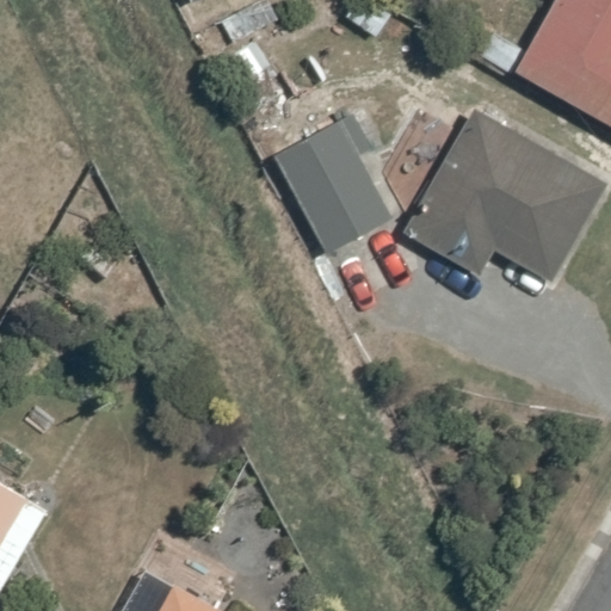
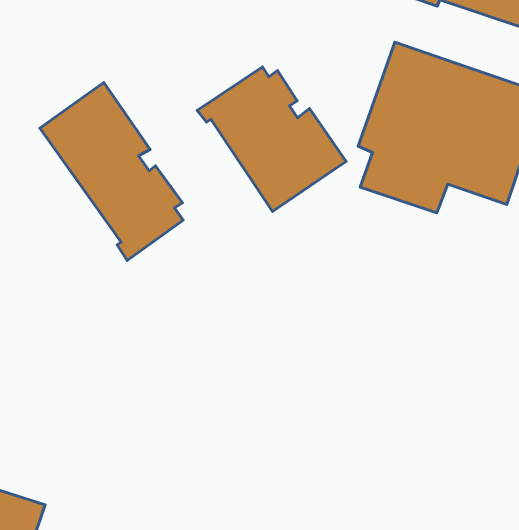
building: none -> [40,82,183,261]

